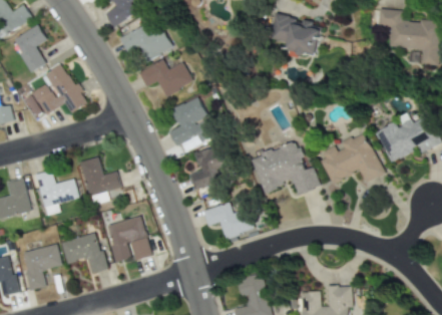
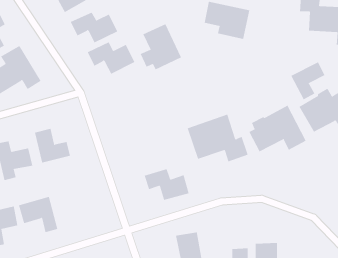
building: none -> [291,61,325,100]
building: [168,97,215,149] -> [140,24,182,70]
building: [188,145,227,189] -> none
building: [105,216,151,263] -> none

